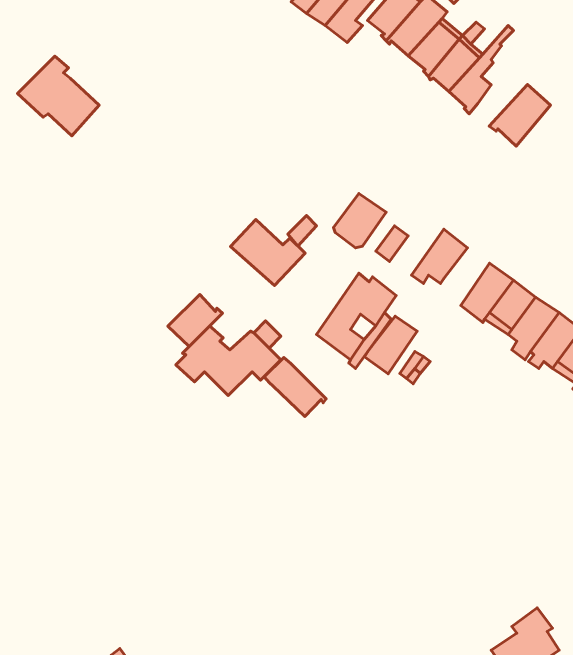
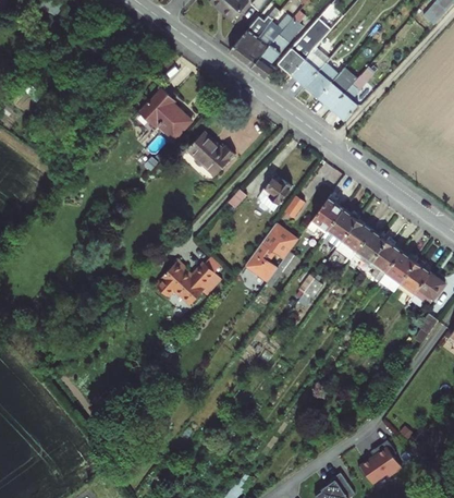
building: [18,56,99,136] -> [138,88,191,139]
building: [489,85,550,146] -> none
building: [230,219,305,286] -> [187,132,235,174]
building: [168,295,222,346] -> none
building: [365,316,417,374] -> [323,209,357,246]
building: [264,358,326,417] -> none

